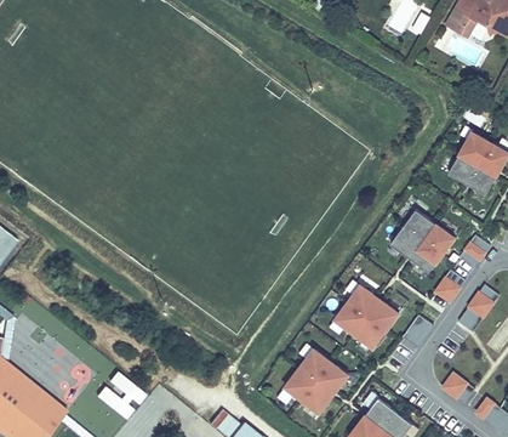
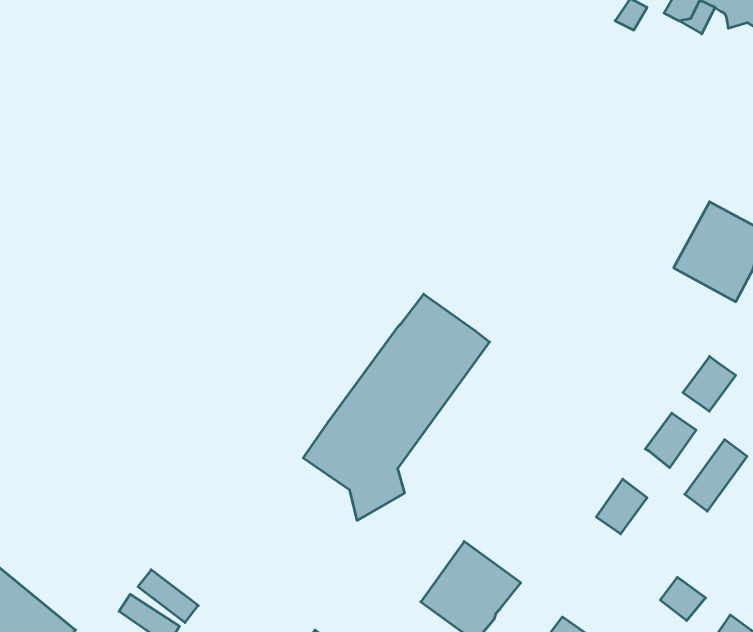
building: none -> [303,294,490,520]
building: [392,212,455,277] -> none
building: [337,290,400,354] -> none

